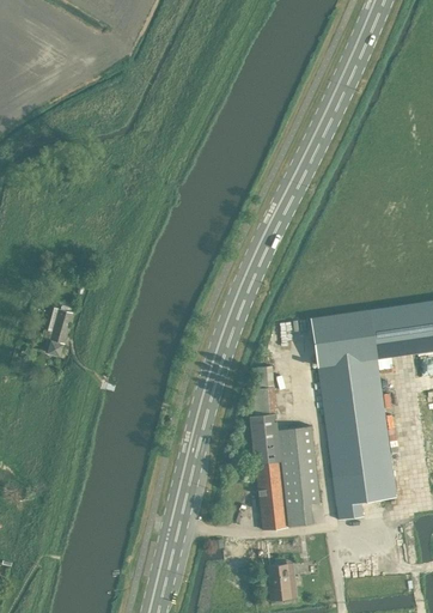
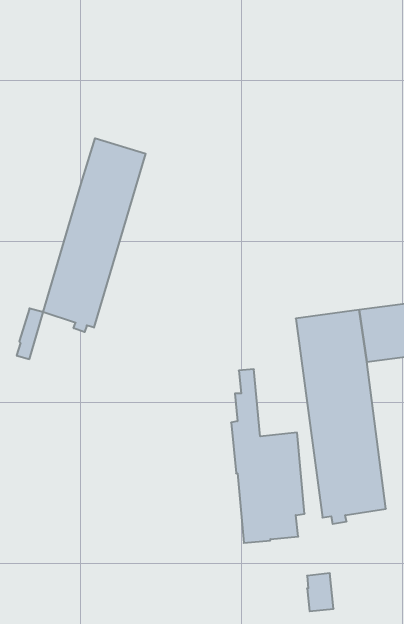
building: none -> [43,138,146,332]
building: [268,564,293,600] -> [307,573,334,611]

